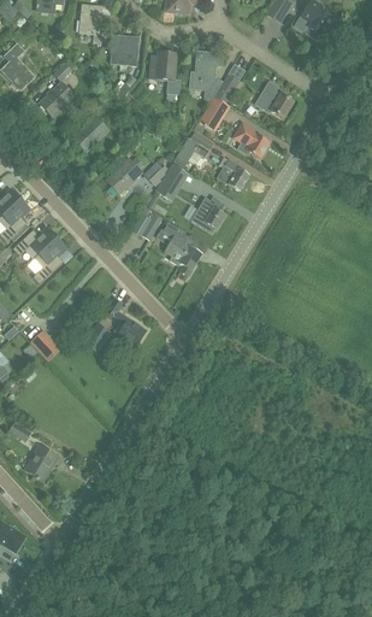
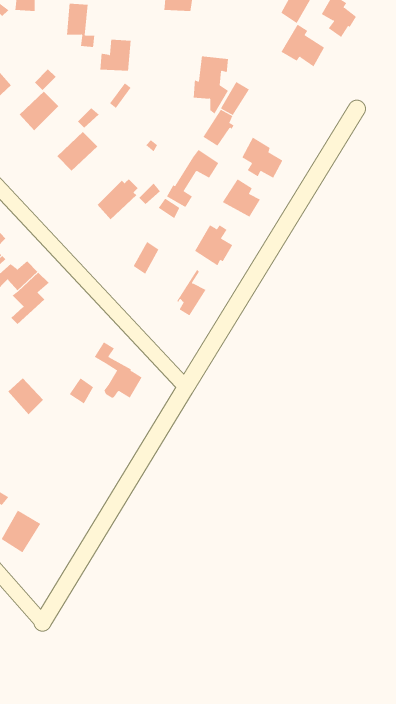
building: [148,52,181,94] -> none
building: [254,81,293,118] -> [280,24,325,67]
building: [163,222,194,263] -> none

